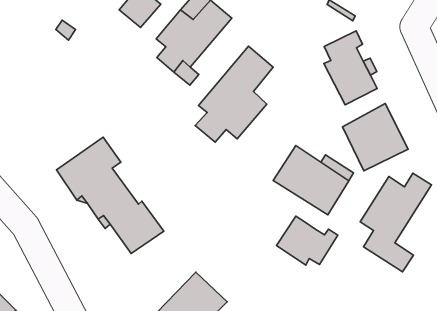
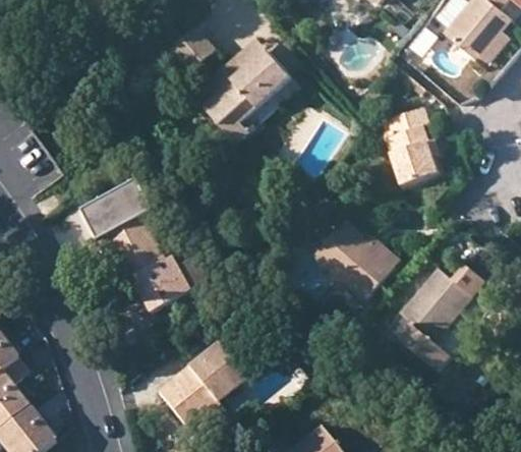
building: [195,46,273,142] -> none
building: [342,104,408,171] -> none
building: [277,216,338,265] -> none

